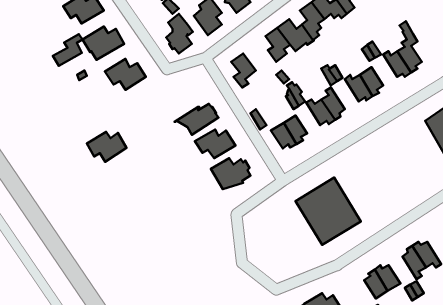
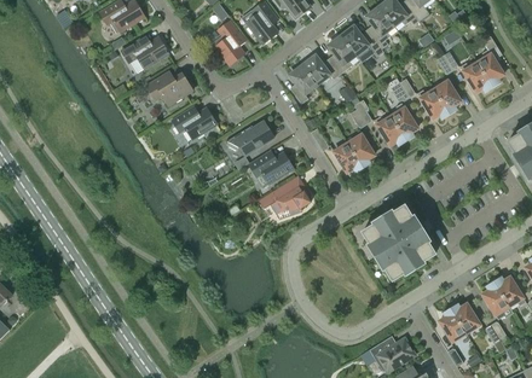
building: [53,34,83,66] -> none
building: none -> [302,54,340,83]
building: [87,132,126,162] -> [172,105,216,139]

